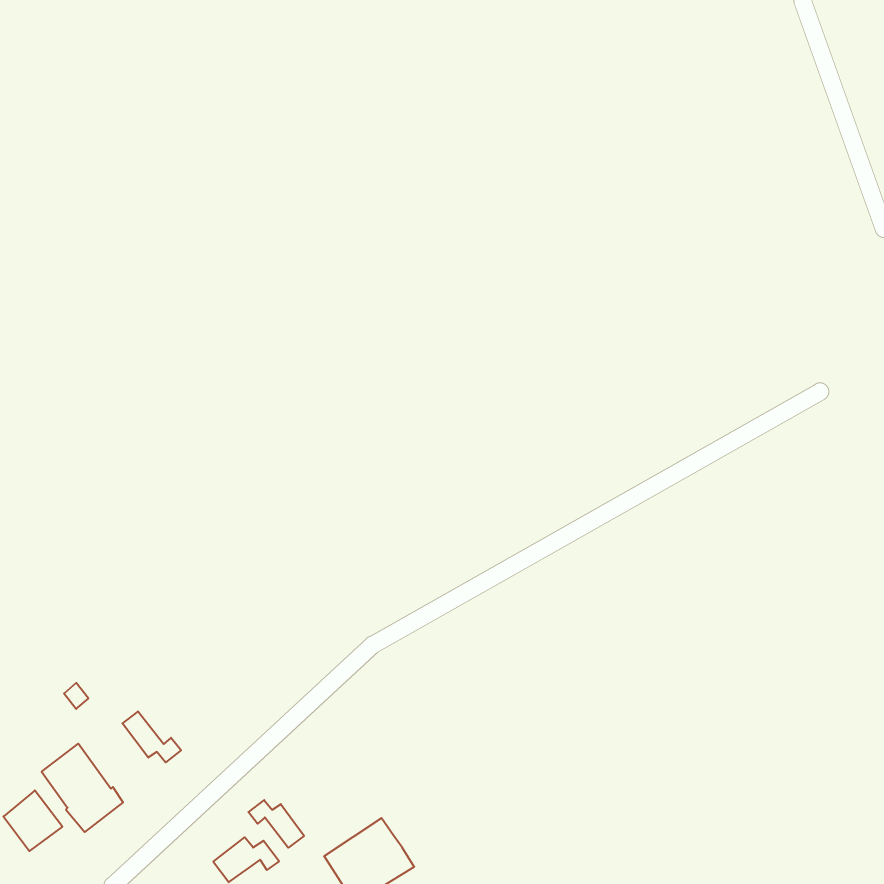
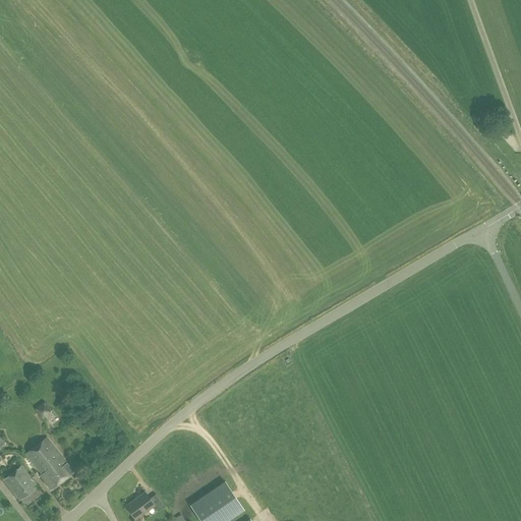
building: [122,711,181,762] -> none
building: [248,800,304,848] -> none

